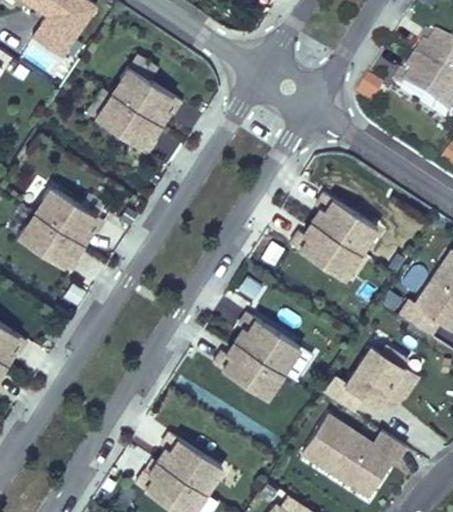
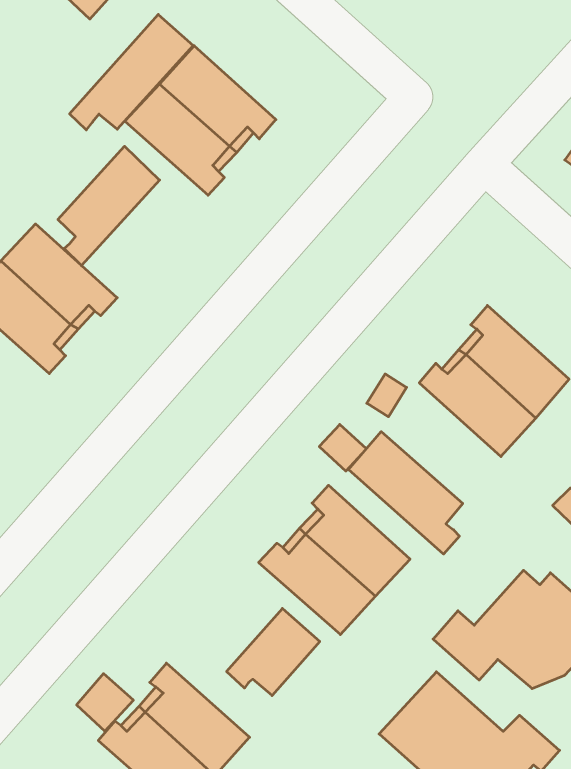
building: none -> [70,14,193,130]
building: none -> [58,146,160,266]
building: none -> [349,432,463,554]
building: none -> [227,608,320,696]

